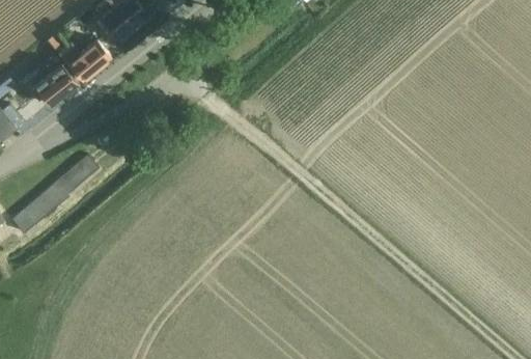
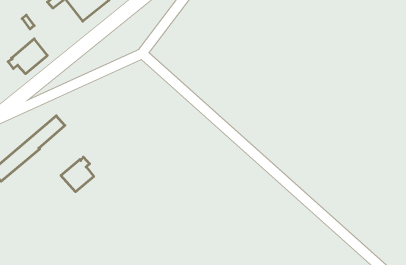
building: [64,40,111,82] -> none
building: none -> [61,157,94,192]

